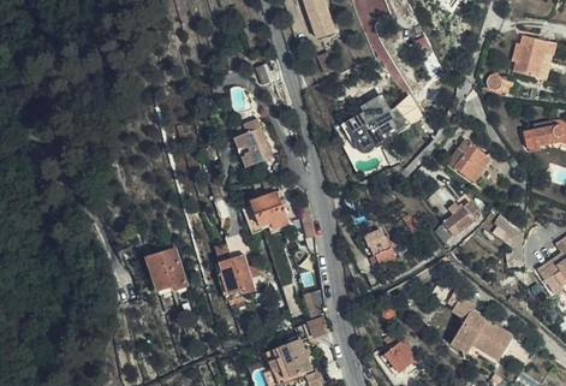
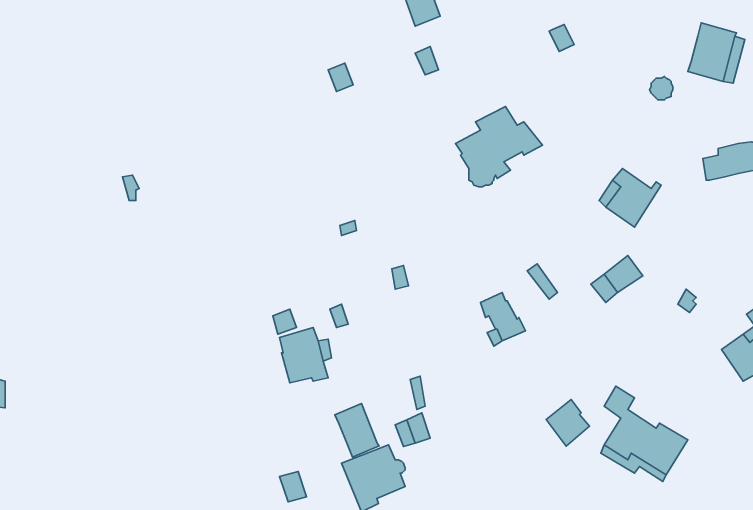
building: [237,119,272,166] -> none
building: [250,191,286,227] -> none
building: [147,248,185,290] -> none
building: none -> [335,403,379,457]
building: [383,339,415,373] -> [546,399,590,446]

